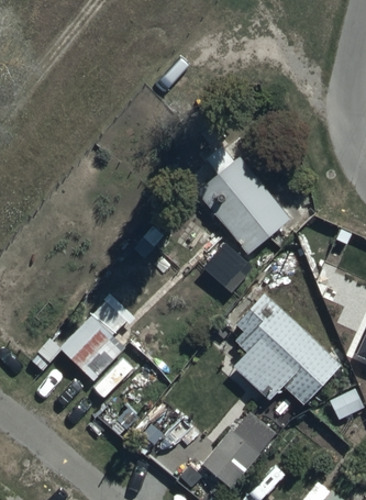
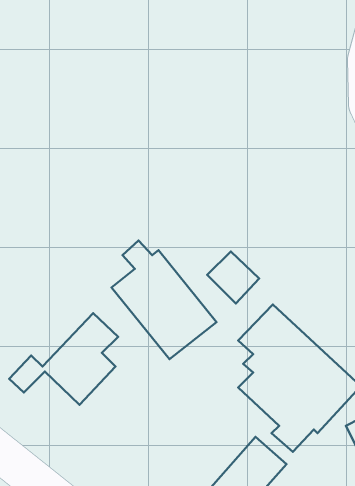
building: [196,149,289,255] -> [111,240,217,359]

